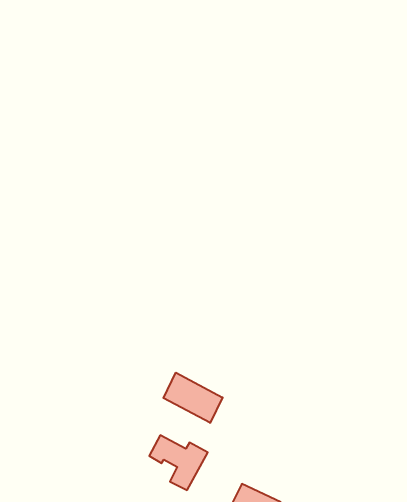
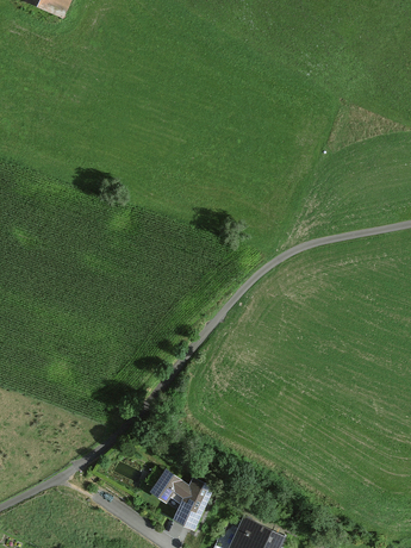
building: [163,373,223,423] -> none

